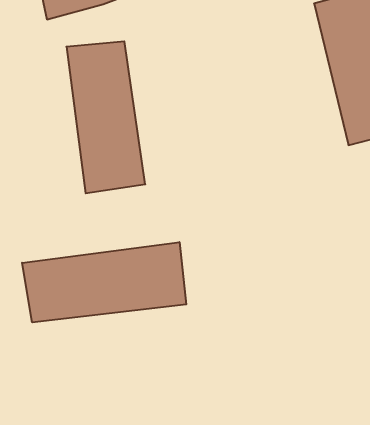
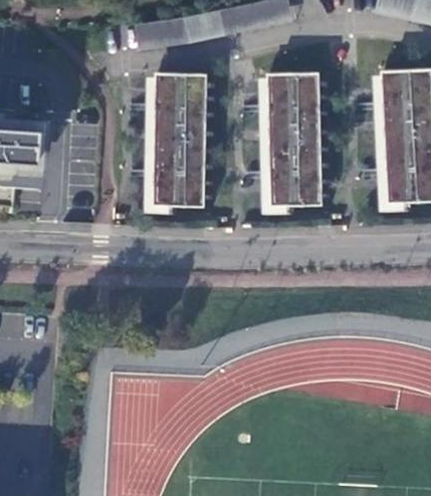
building: none -> [267,73,321,209]
building: [22,242,186,322] -> none

